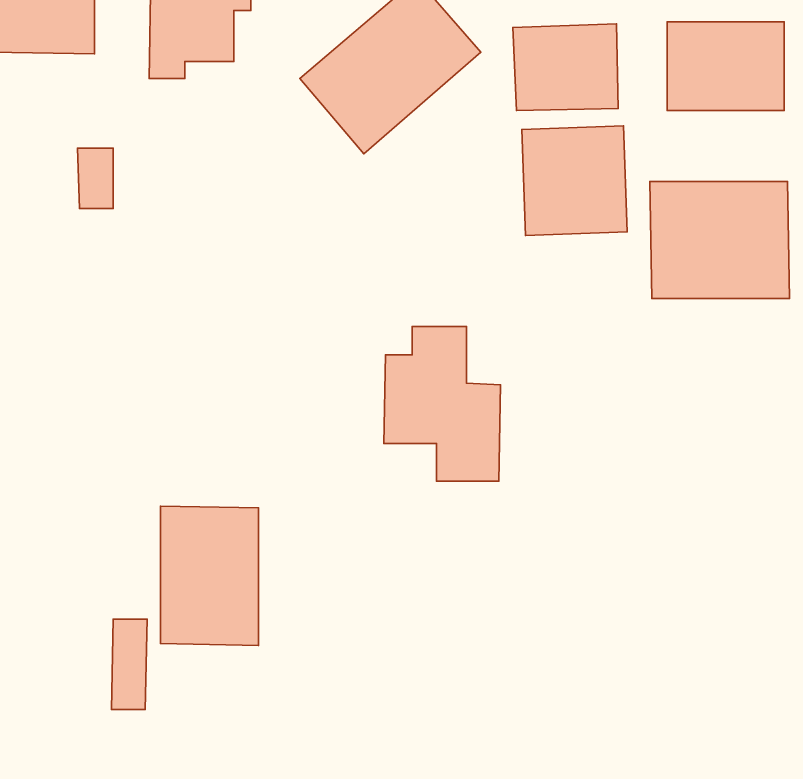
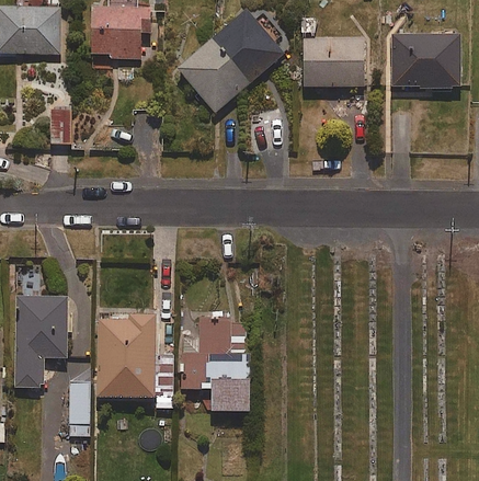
building: [522,126,627,236] -> none
building: [650,182,790,299] -> none
building: [384,327,501,481] -> [182,321,250,411]
building: none -> [14,297,68,387]

